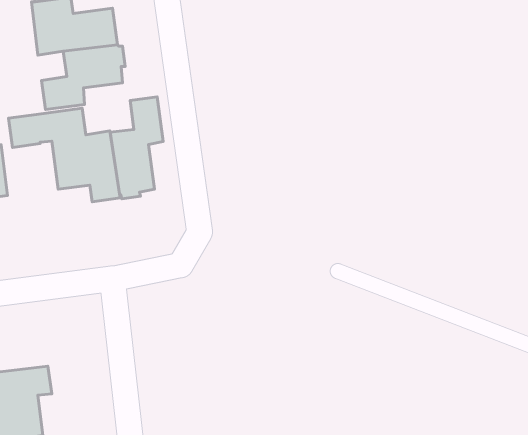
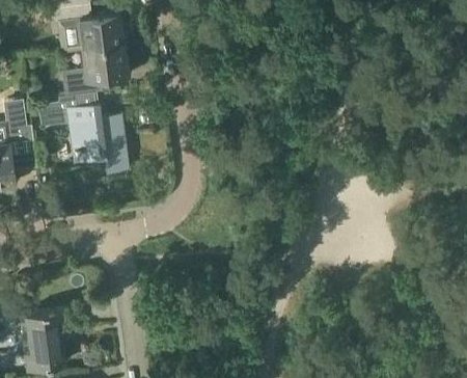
building: [110,97,163,199] -> none

